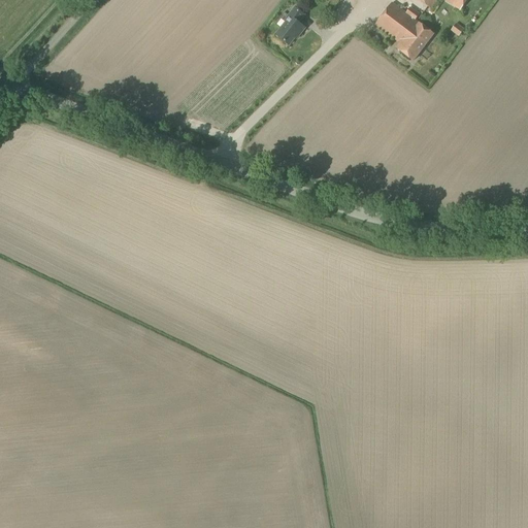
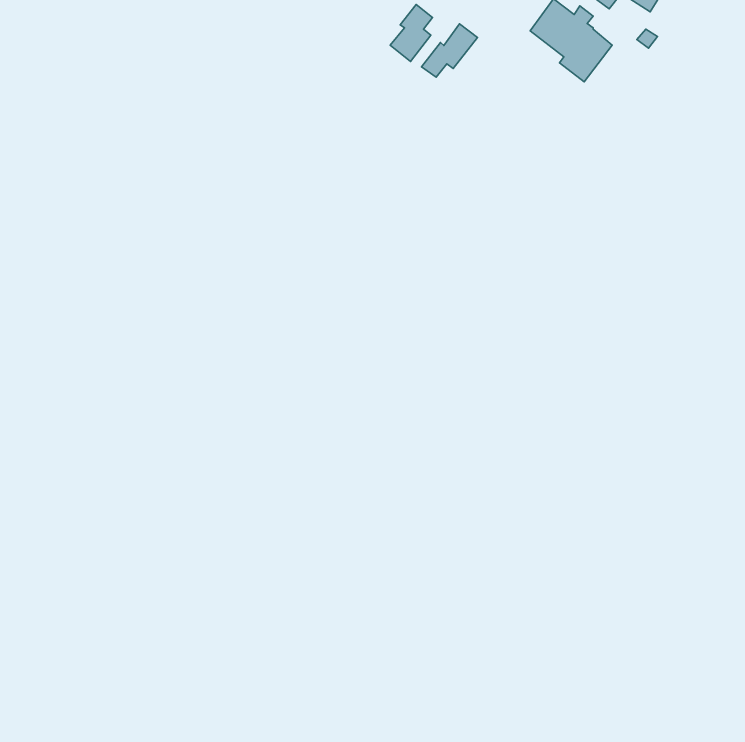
building: none -> [422,24,477,77]

